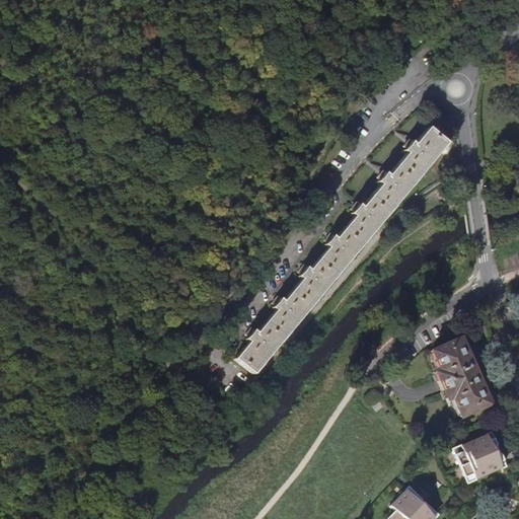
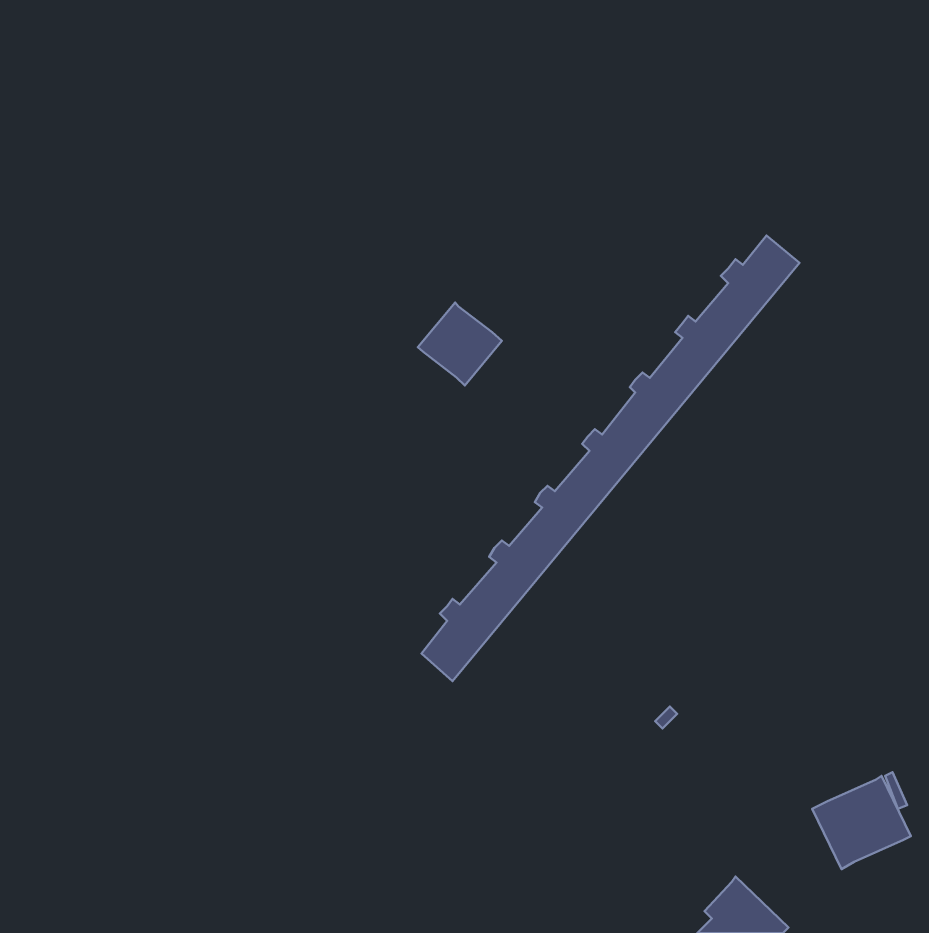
building: none -> [418,303,502,385]
building: [434,336,492,416] -> none

